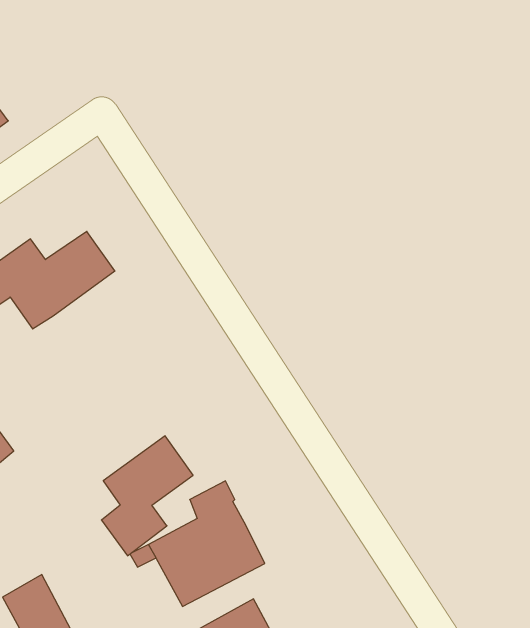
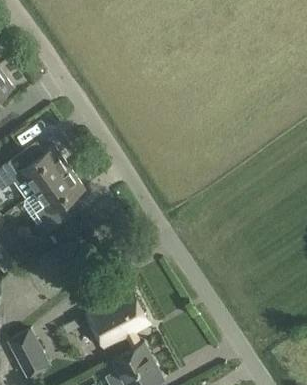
building: [101,436,193,556] -> [35,168,84,232]

